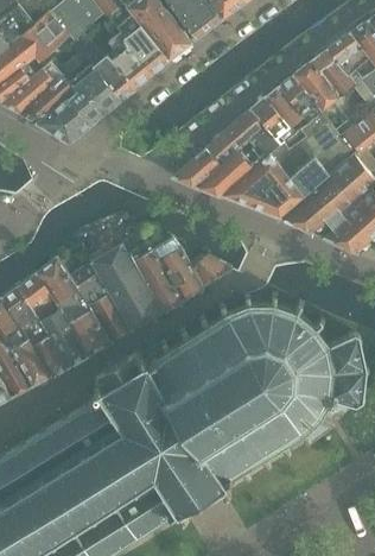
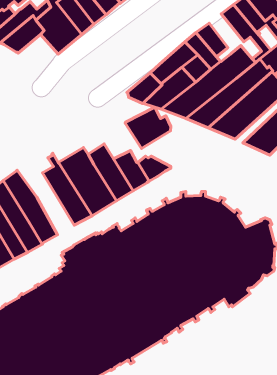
building: [281,74,325,125] -> none
building: [39,100,90,141] -> none
building: none -> [125,107,171,148]
building: [38,257,110,354] -> none

